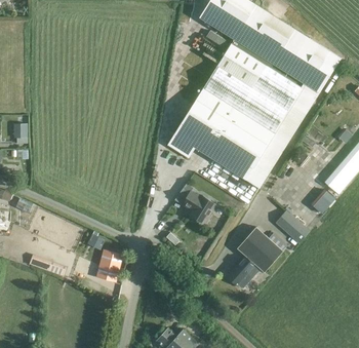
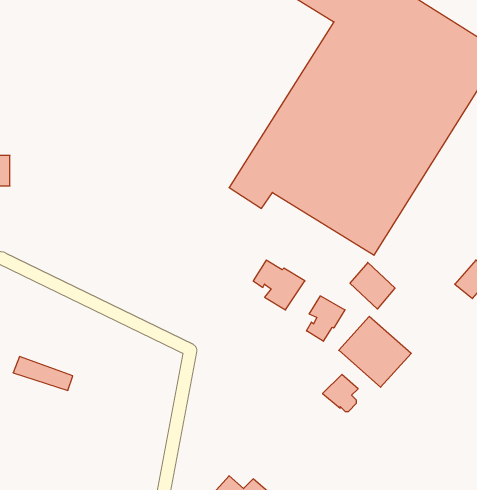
building: [275,209,304,239] -> [350,262,395,309]
building: none -> [306,296,345,341]
building: [95,249,122,282] -> none

